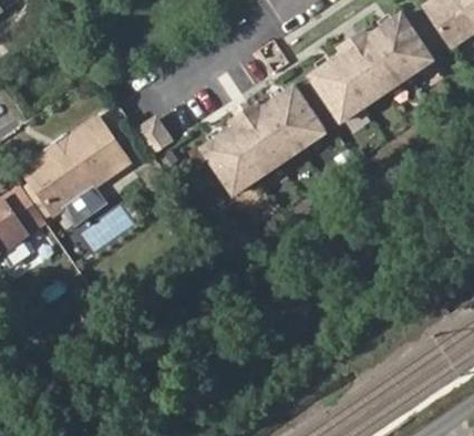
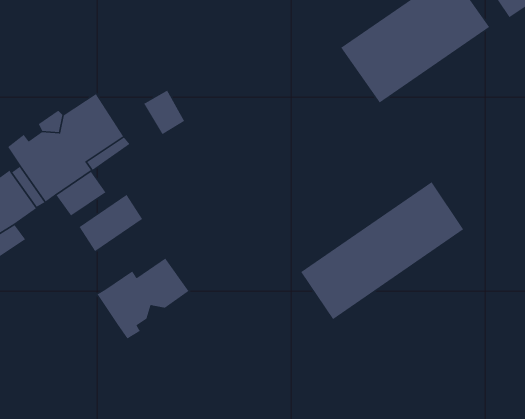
building: [199,82,330,197] -> none
building: none -> [300,181,464,320]
building: none -> [96,257,190,339]

